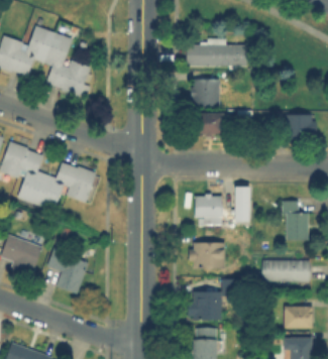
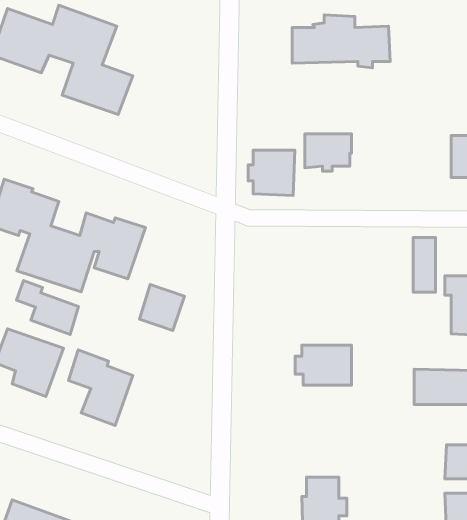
building: [192,79,221,107] -> [248,150,295,195]
building: [232,186,246,220] -> [413,237,436,292]
building: [194,194,222,217] -> none
building: none -> [16,280,79,335]
building: none -> [140,284,185,331]
building: [187,279,242,321] -> none

